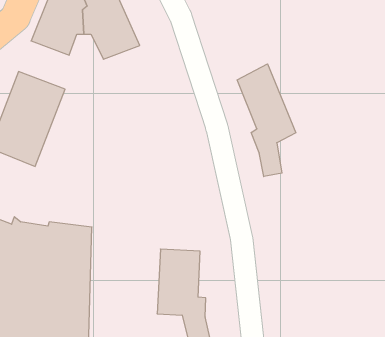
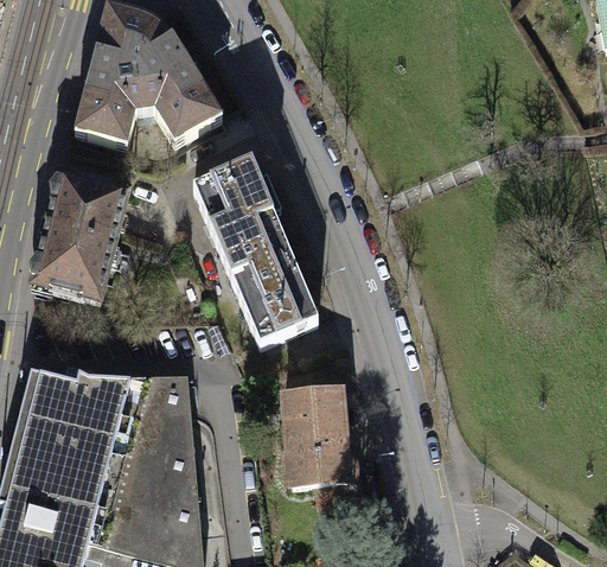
building: [237,64,296,177] -> none
building: none -> [192,159,319,342]

